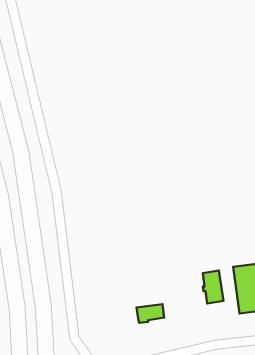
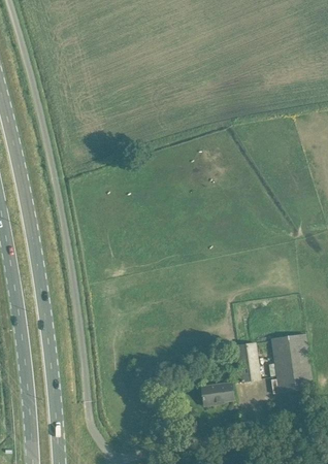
building: [136,304,164,323] -> [200,384,232,405]

